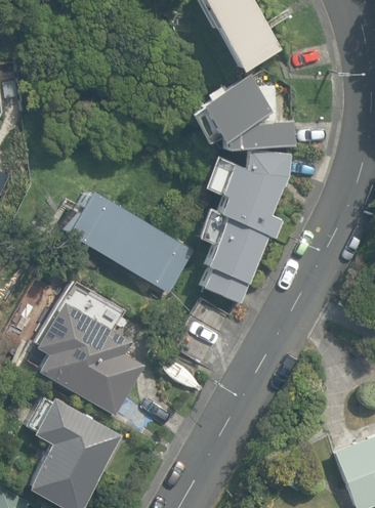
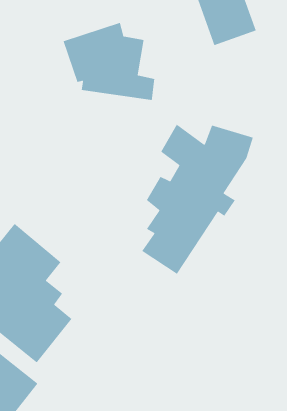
building: [197,73,296,147] -> [62,22,155,101]
building: [62,188,195,293] -> none

